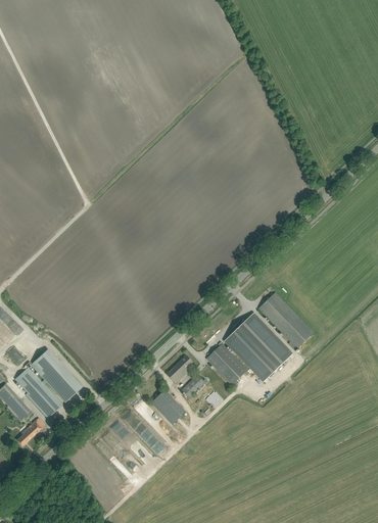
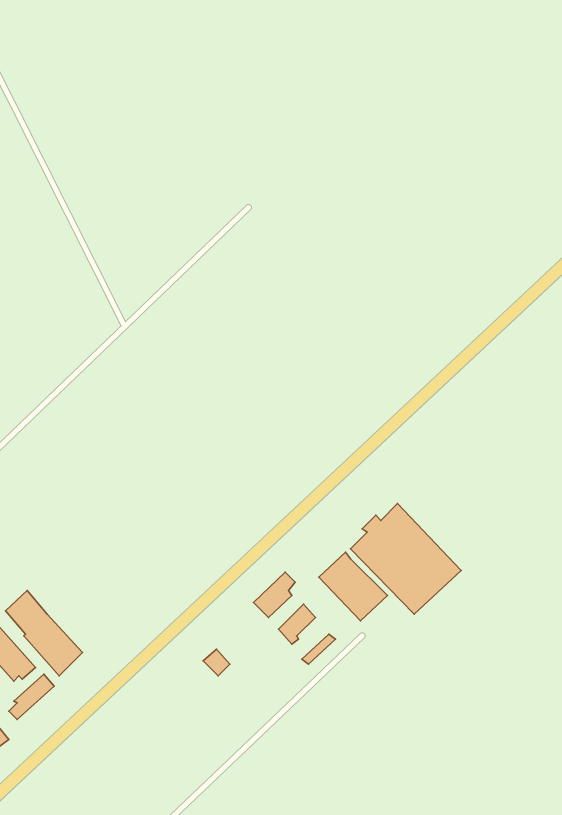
building: [258,293,314,351] -> none
building: [31,351,80,401] -> none
building: [150,389,185,424] -> none

